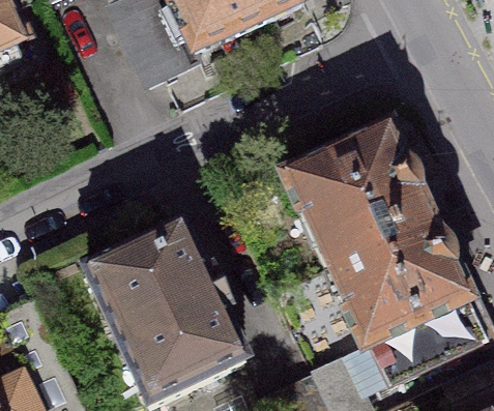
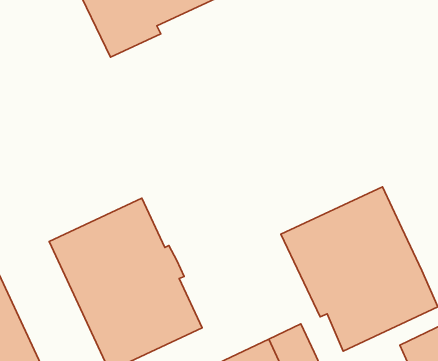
building: [287,127,431,261] -> none

